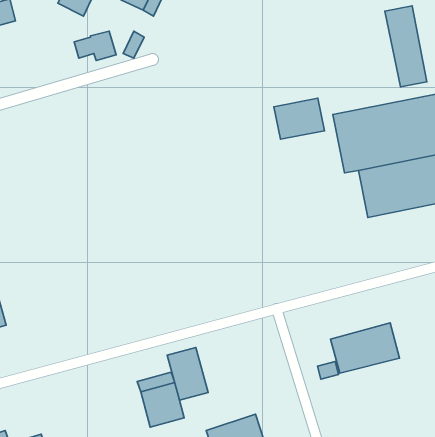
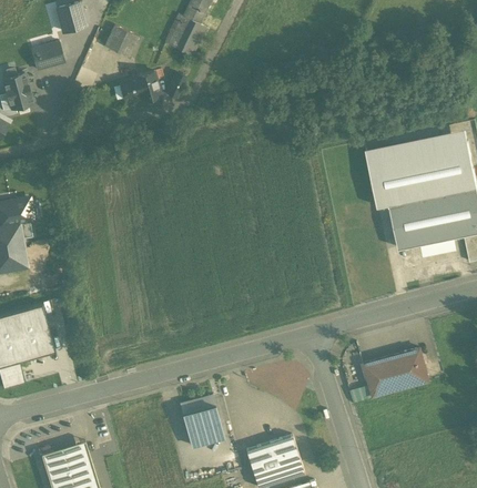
building: [385,6,427,87] -> none
building: [274,98,324,139] -> none
building: [167,348,208,400] -> none

